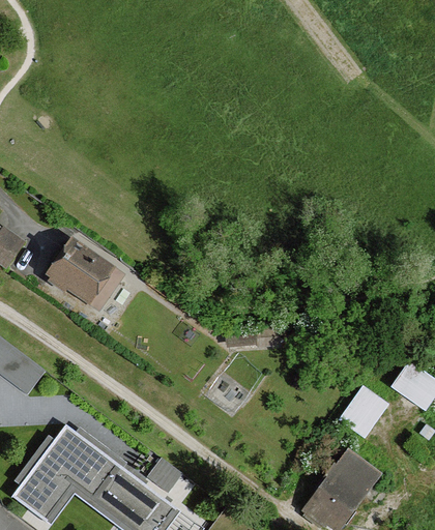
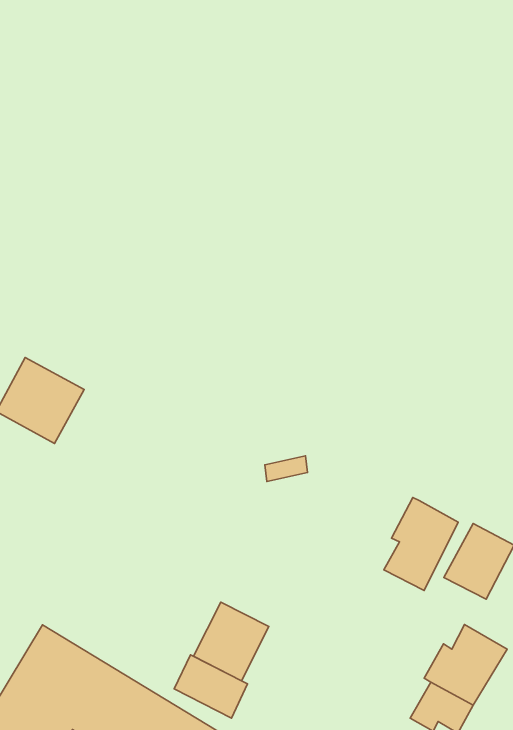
building: none -> [384,497,458,591]
building: none -> [193,602,269,681]

